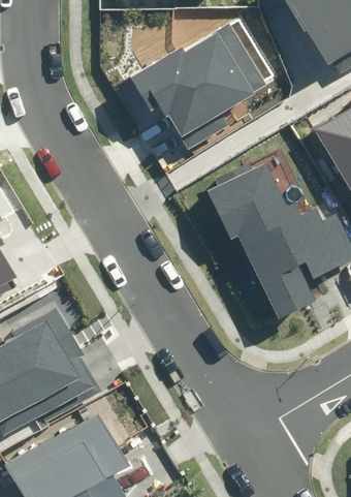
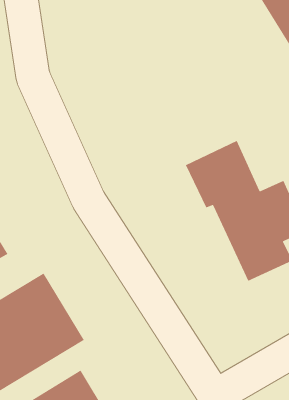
building: [133,22,267,141] -> none

